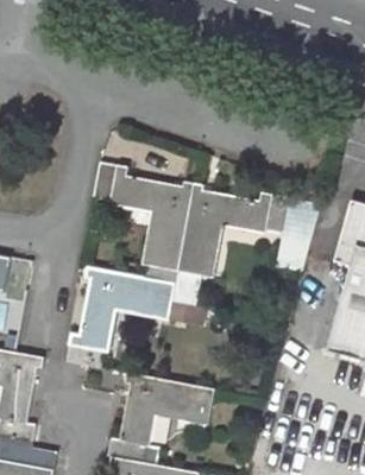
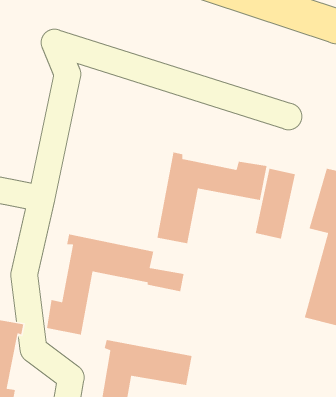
building: [93,164,194,272] -> none

